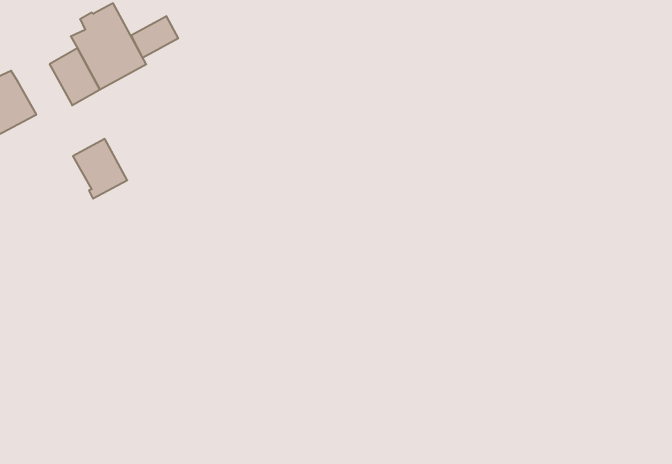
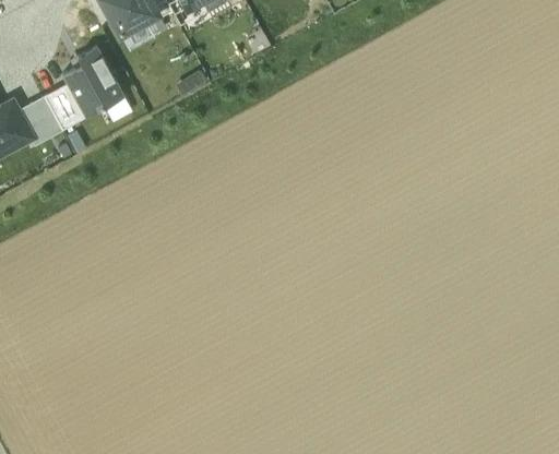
building: [131,16,178,58] -> none
building: [73,139,127,199] -> [17,96,62,145]

